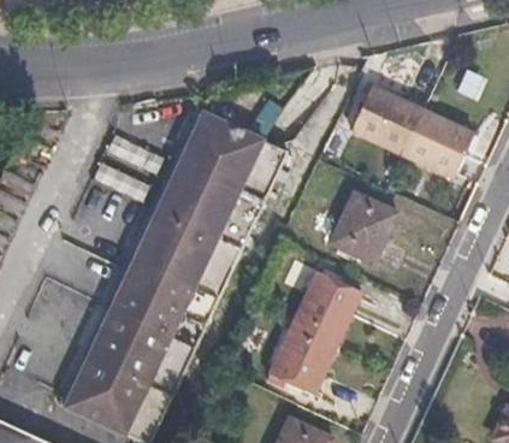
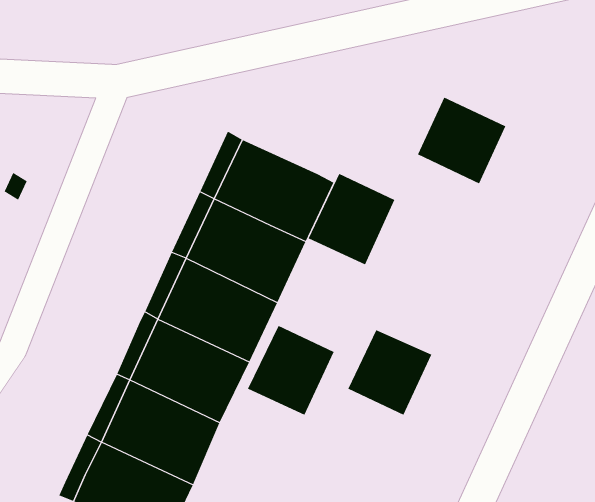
building: [398,106,473,178] -> none
building: [326,190,397,265] -> [308,173,395,265]
building: [266,319,337,392] -> [247,325,335,416]

